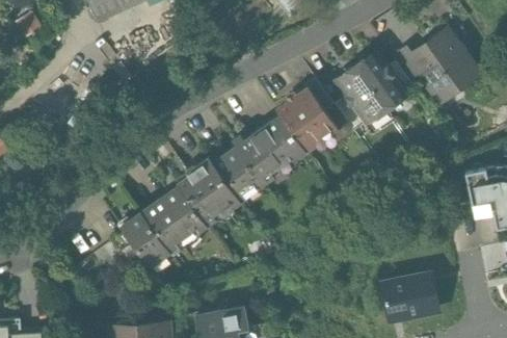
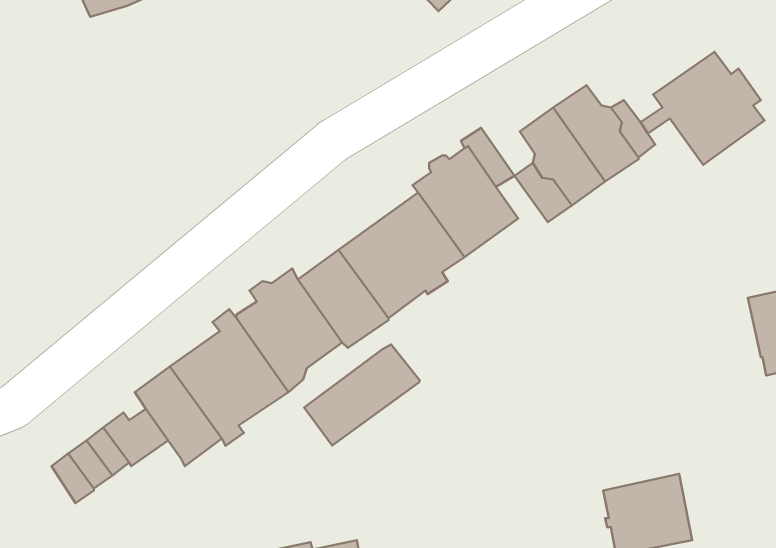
building: none -> [304,344,420,445]

